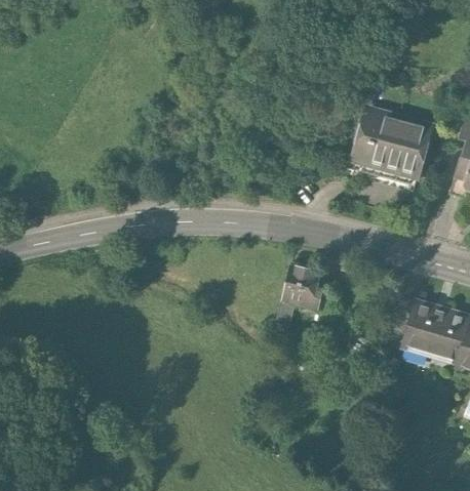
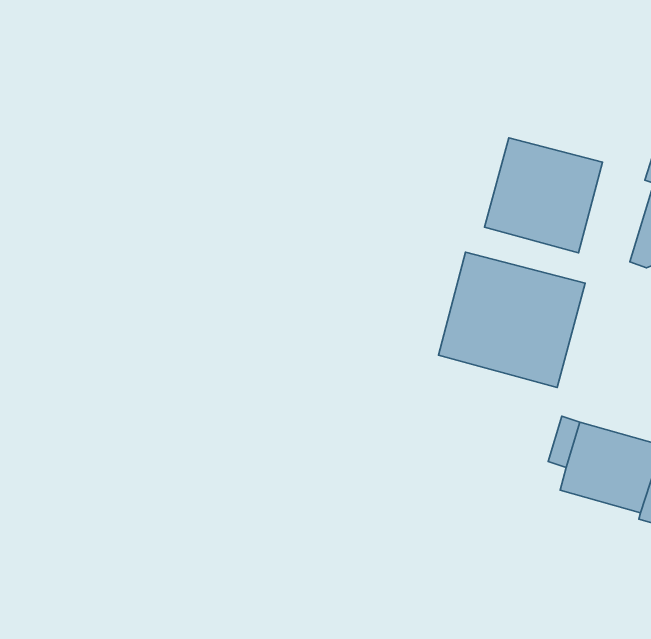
building: none -> [439,252,585,388]
building: [283,263,327,306] -> none

